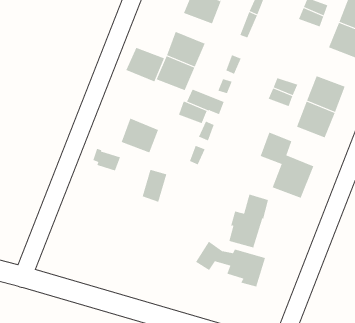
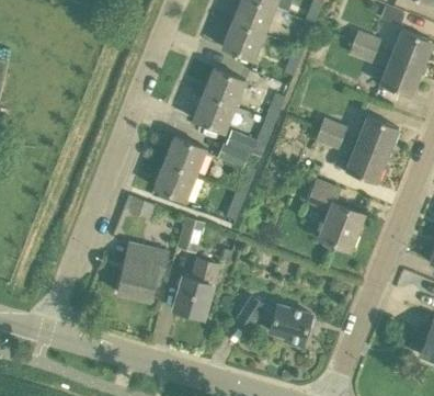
building: [126,47,165,82] -> [163,137,206,176]
building: [229,194,269,248] -> [175,259,219,318]
building: none -> [117,246,167,301]

